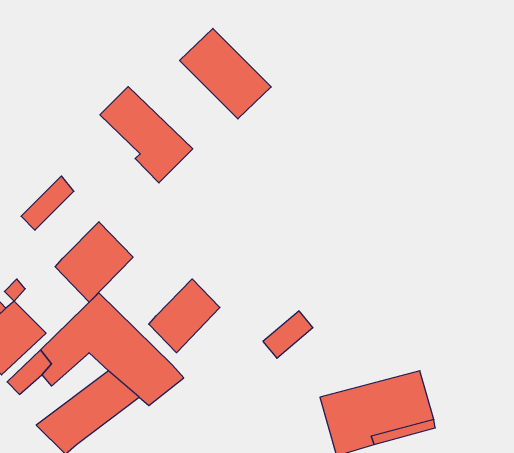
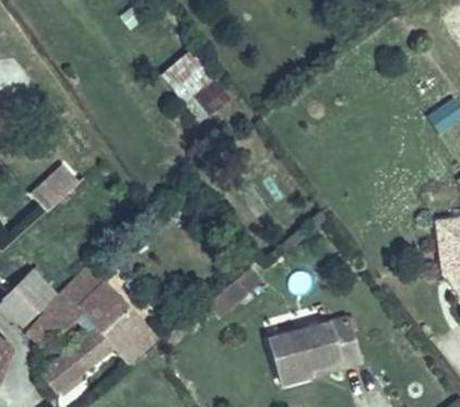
building: [100,87,193,183] -> none
building: [55,222,133,302] -> none
building: [149,279,220,353] -> none

